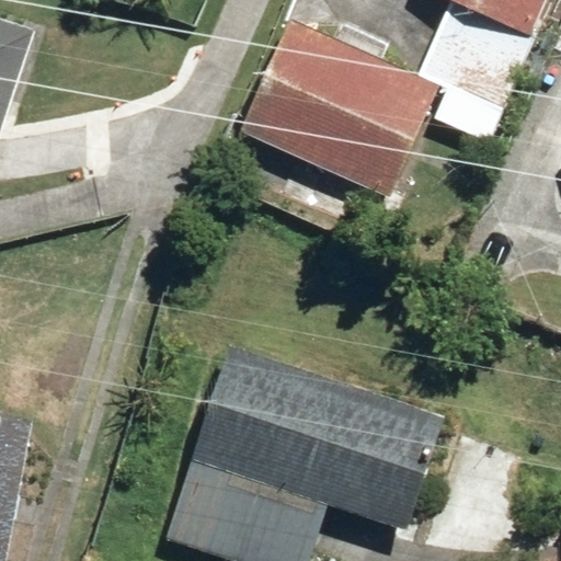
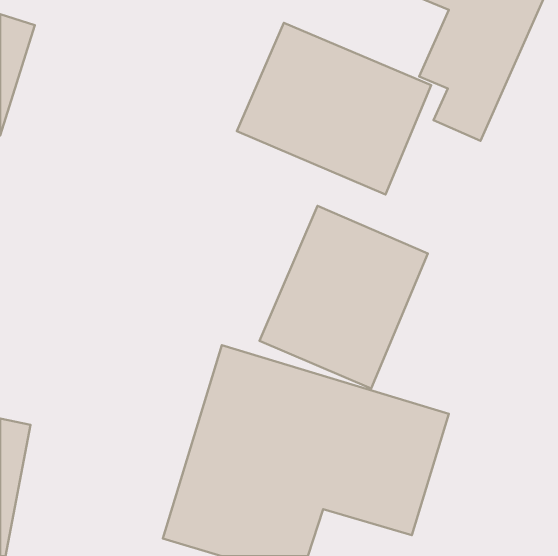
building: none -> [259,206,428,388]

